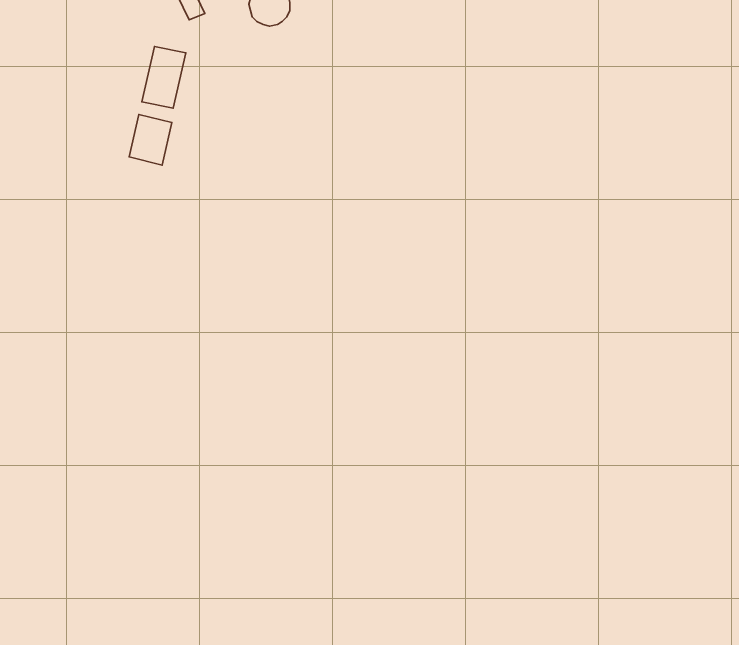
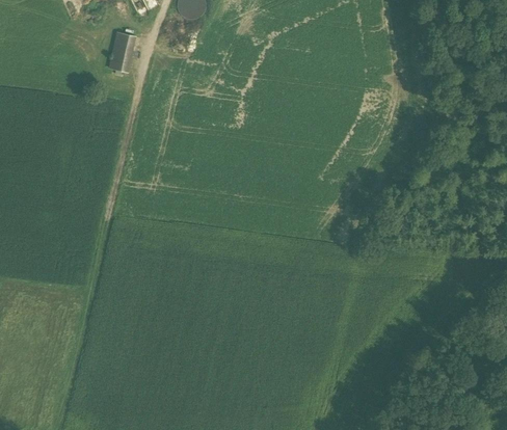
building: [129,114,172,165] -> none

